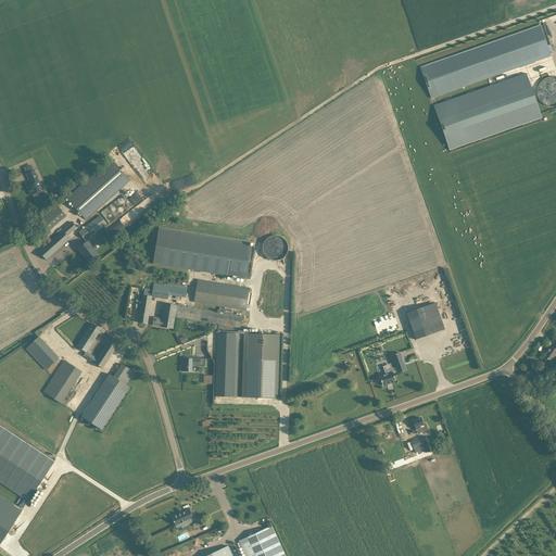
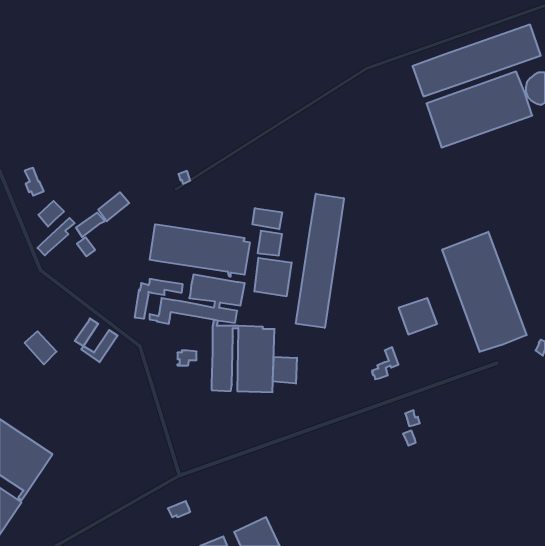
building: [66,160,128,219] -> none
building: none -> [296,194,344,328]
building: none -> [252,208,282,229]
building: none -> [442,232,527,352]
building: none -> [255,258,292,296]
building: [42,361,81,404] -> none
building: none -> [273,357,297,384]
building: [80,364,134,430] -> none

